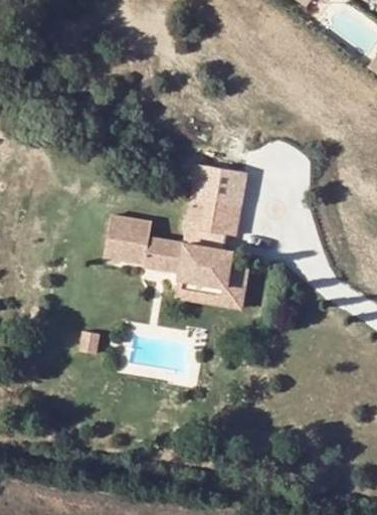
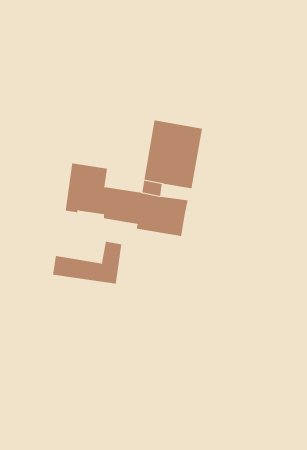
building: [175,265,248,310] -> [52,241,122,284]

